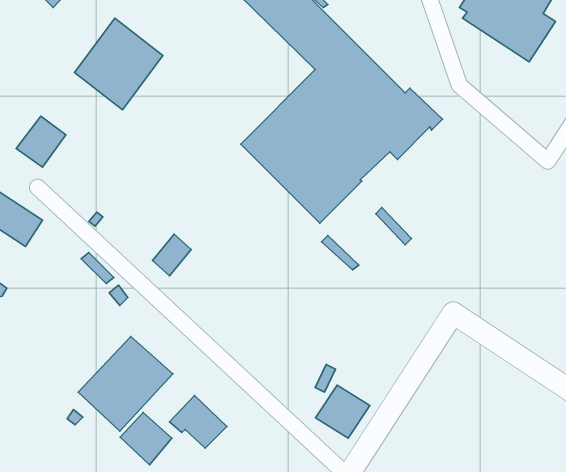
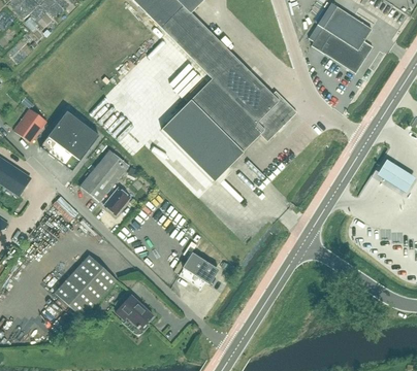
building: [75,18,163,110] -> [40,110,99,171]
building: none -> [81,149,129,201]
building: [316,385,370,438] -> [179,252,215,288]
building: [120,412,172,465] -> none

